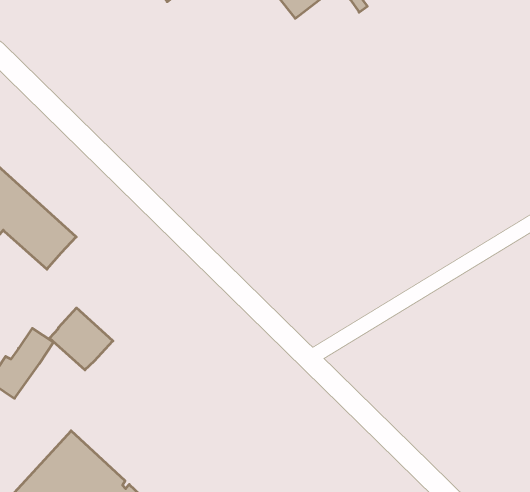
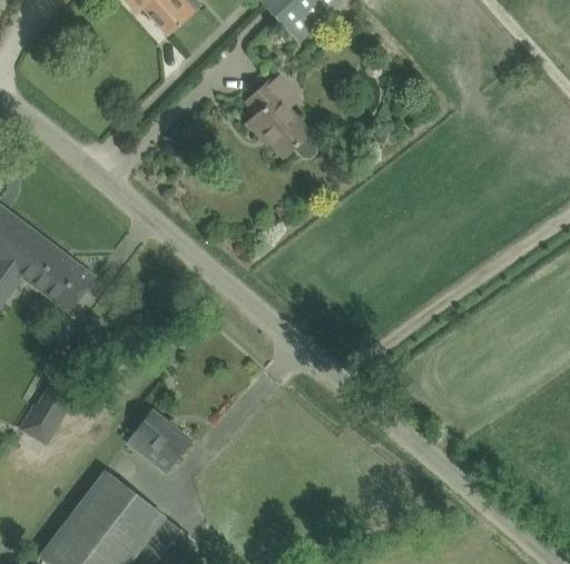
building: none -> [245,73,316,157]
building: [50,308,113,370] -> [127,409,190,471]

